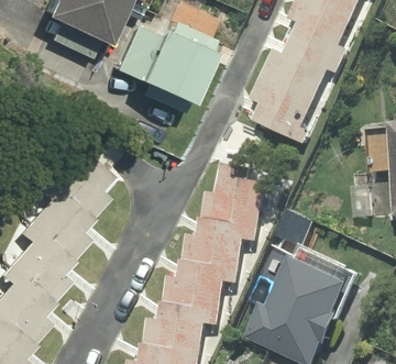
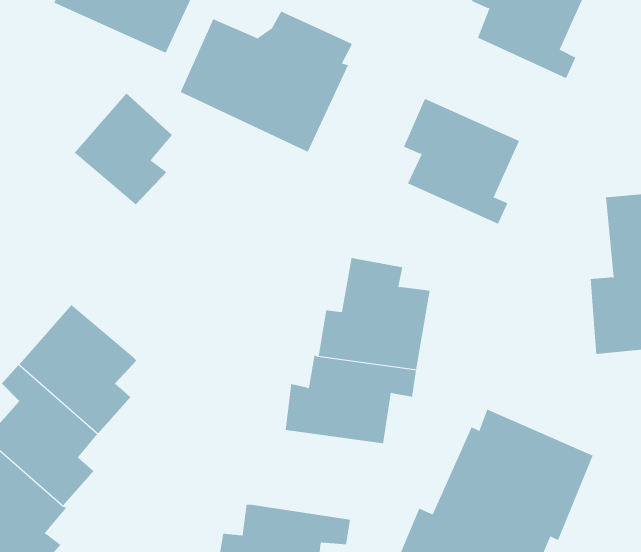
building: [261,37,341,96] -> none
building: [60,154,117,218] -> [74,92,173,205]
building: [162,260,238,310] -> none

